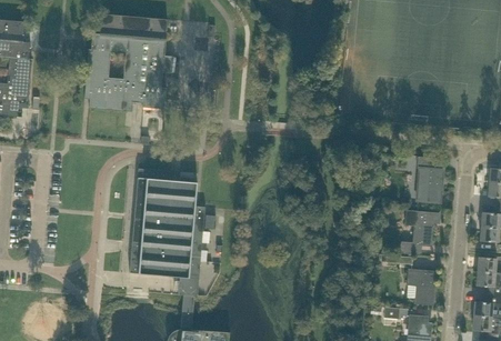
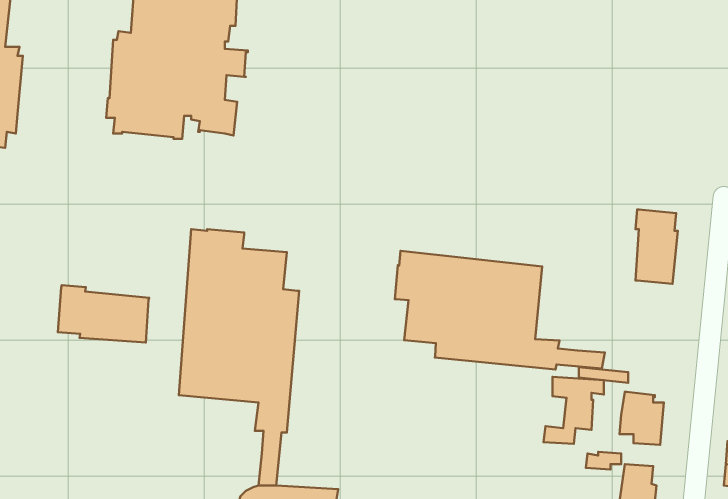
building: none -> [395,251,605,369]
building: none -> [58,285,149,343]
building: [401,211,439,253] -> [544,377,604,444]

